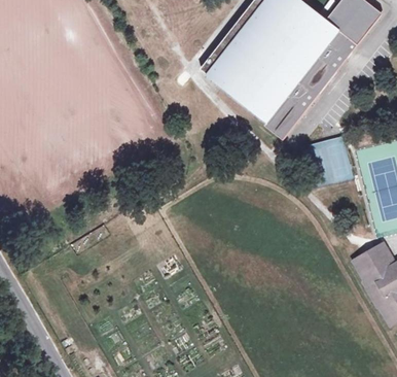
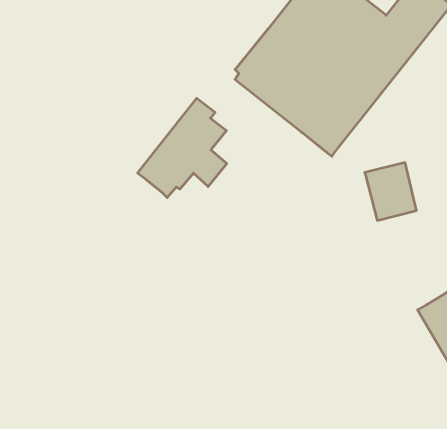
building: none -> [138,98,227,198]

